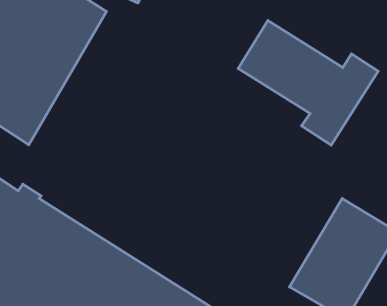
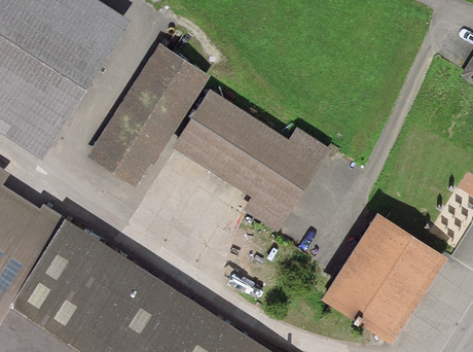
building: [238,20,378,145] -> [177,94,327,227]
building: none -> [90,44,209,187]

